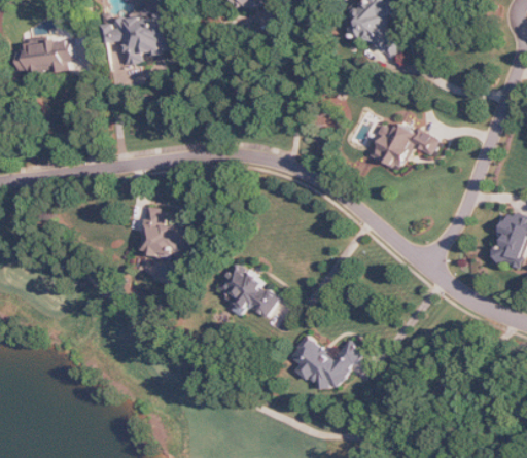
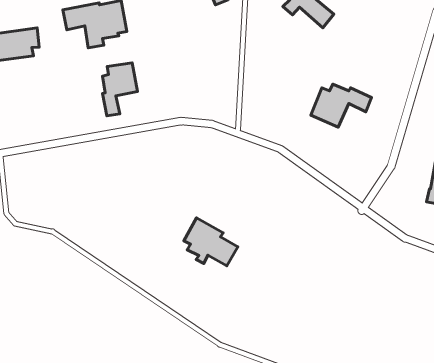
building: none -> [102,63,138,116]
building: [141,206,192,258] -> none
building: [289,334,362,393] -> none

